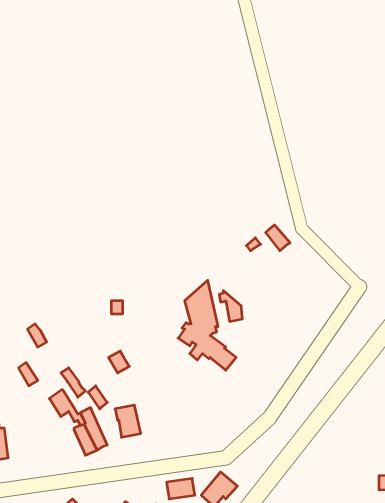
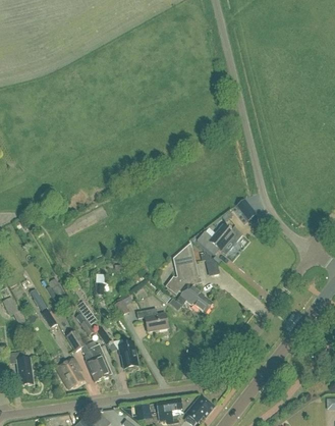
building: none -> [196,225,242,256]
building: none -> [134,308,166,332]
building: none -> [55,357,82,388]

